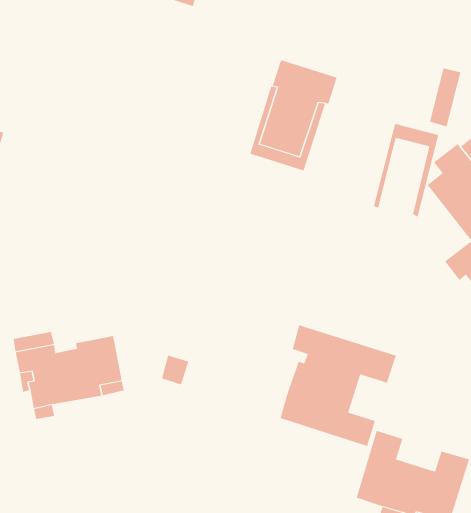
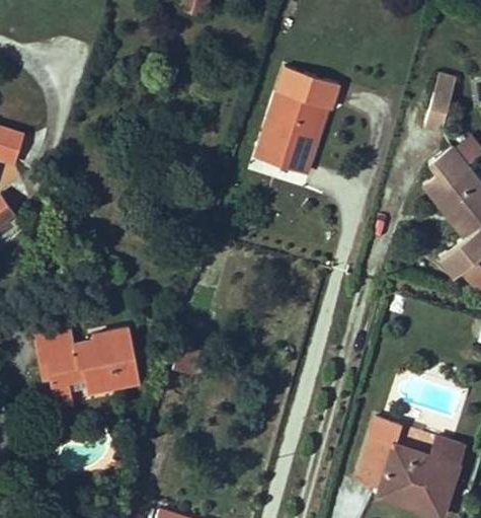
building: [373,123,439,217] -> none
building: [280,325,397,447] -> none

